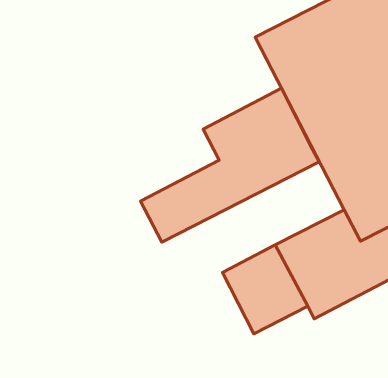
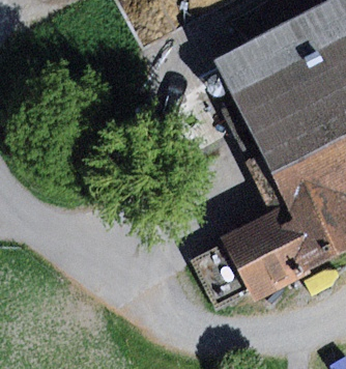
building: [141,88,319,242] -> none

